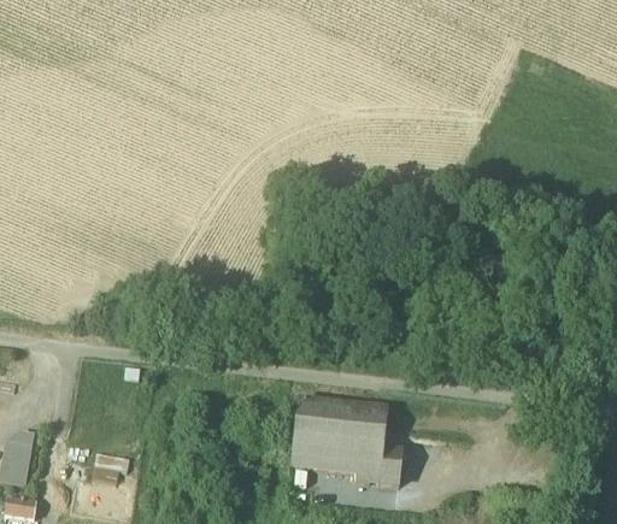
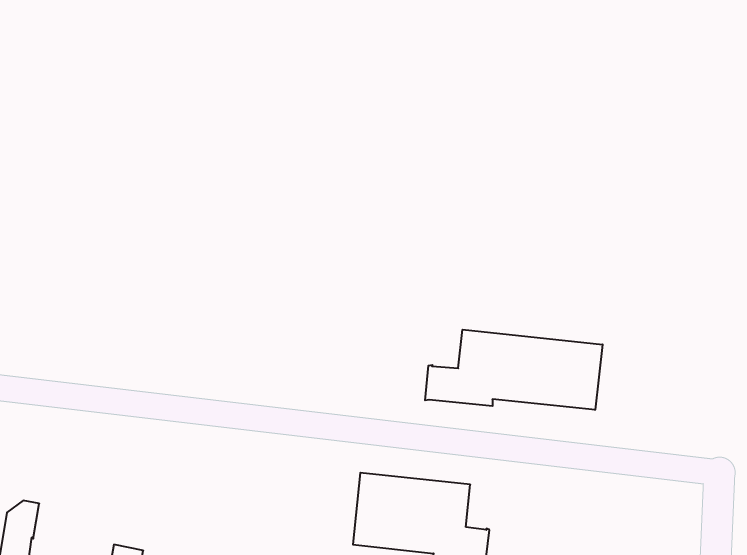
building: none -> [425,330,603,410]

